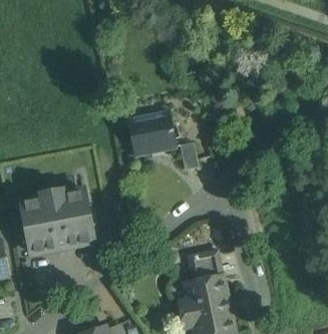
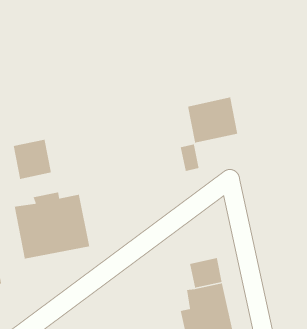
building: [127,111,177,156] -> [187,97,238,144]
building: none -> [13,139,52,180]

